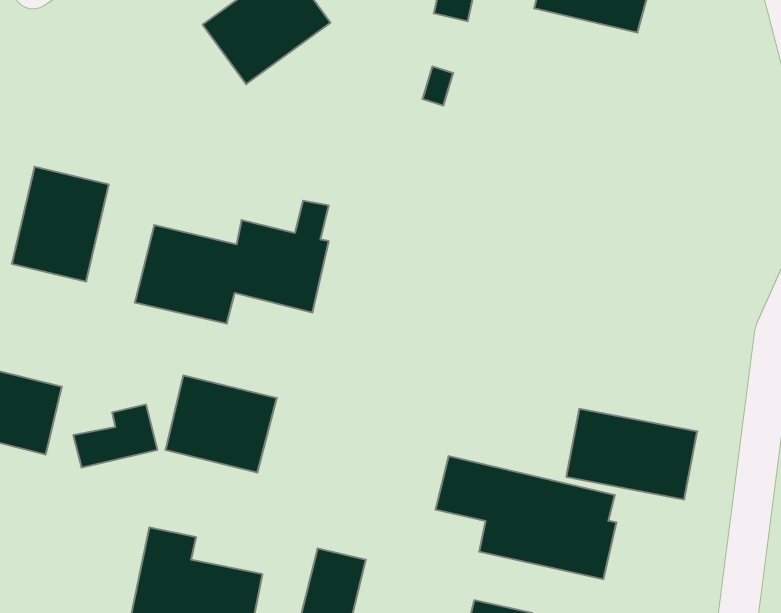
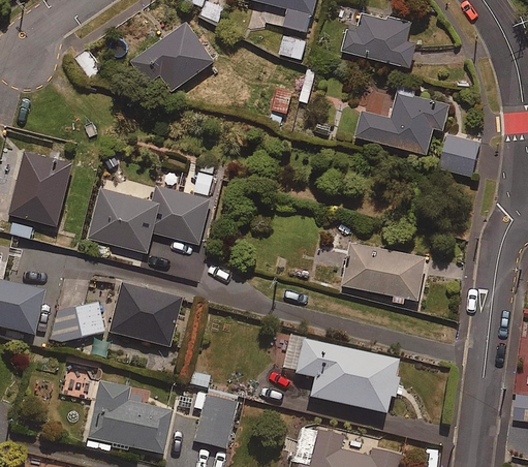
building: none -> [356,91,449,153]
building: none -> [439,132,480,175]
building: [566,409,697,499] -> [343,241,427,299]

